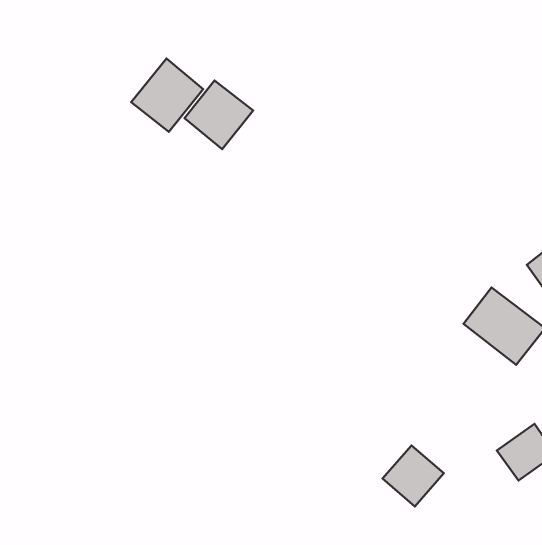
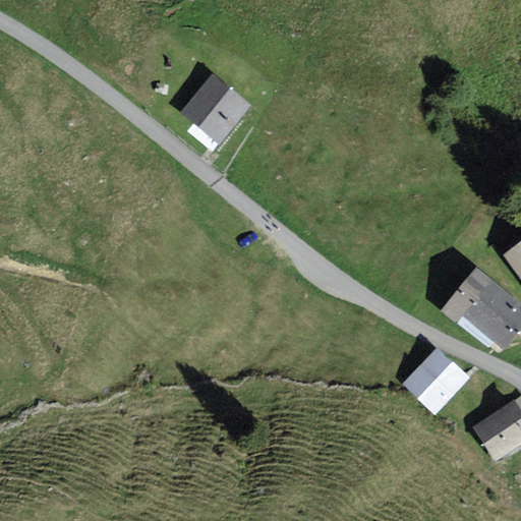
building: [131,58,203,132] -> none
building: [383,445,444,507] -> [409,351,467,409]

